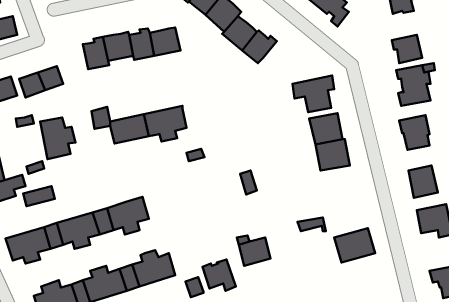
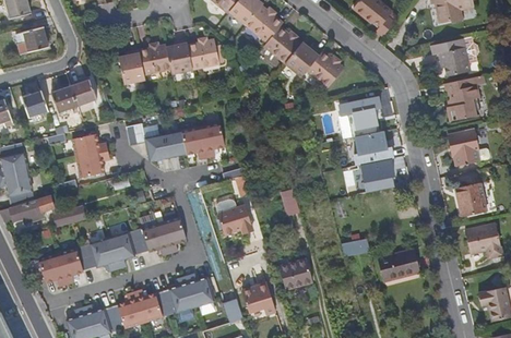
building: none -> [305,51,343,88]
building: none -> [216,198,252,234]

